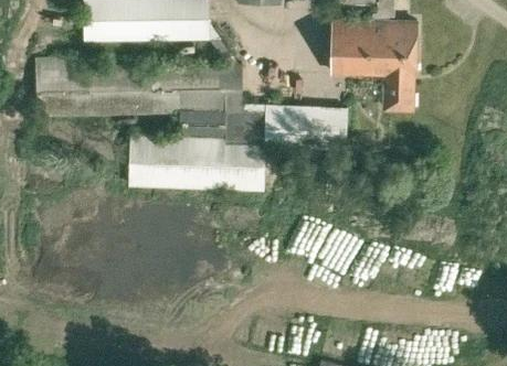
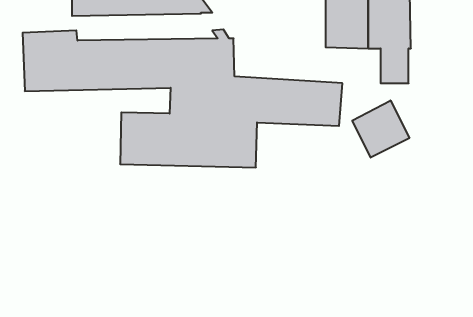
building: none -> [352,100,409,158]

